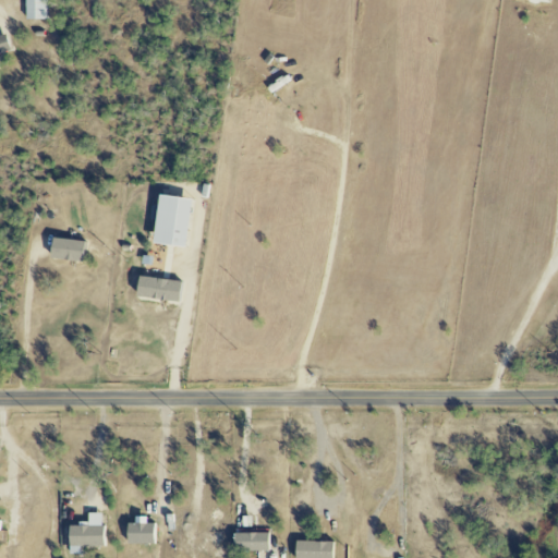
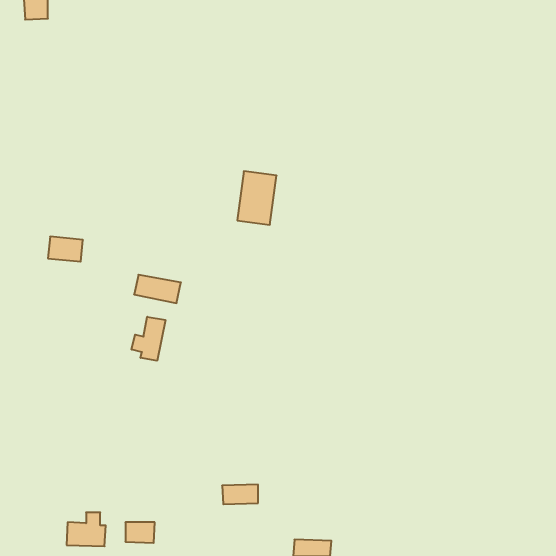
building: [151,194,191,247] -> [237,171,277,225]
building: none -> [132,317,165,361]
building: [232,531,268,550] -> [222,485,258,504]

